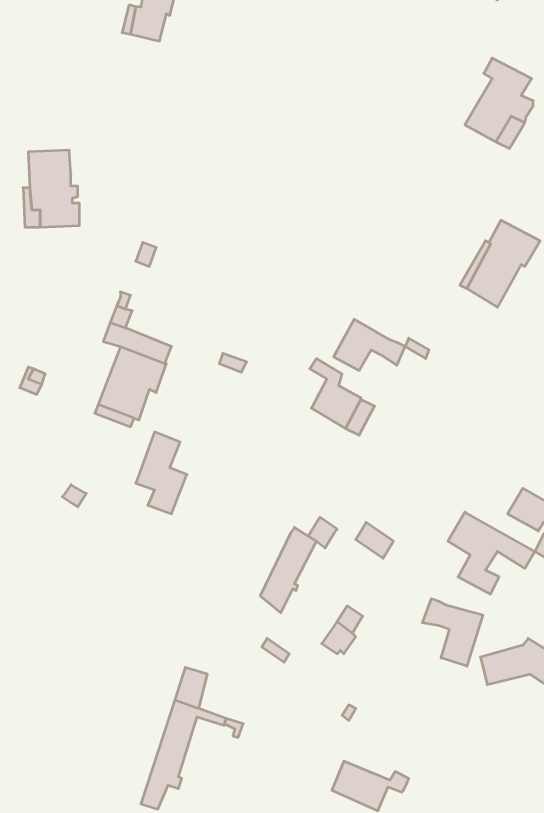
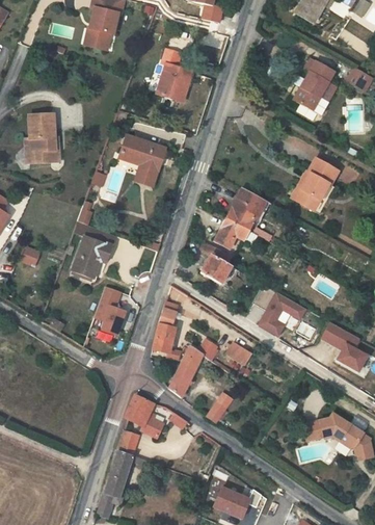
building: none -> [149,49,192,101]
building: none -> [118,135,164,186]
building: none -> [226,187,267,231]
building: none -> [152,301,177,353]
building: [448,512,535,594] -> [253,286,306,336]
building: [422,599,483,666] -> none
building: none -> [124,394,163,438]

